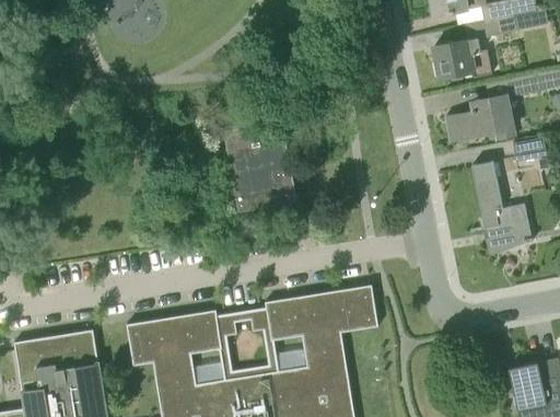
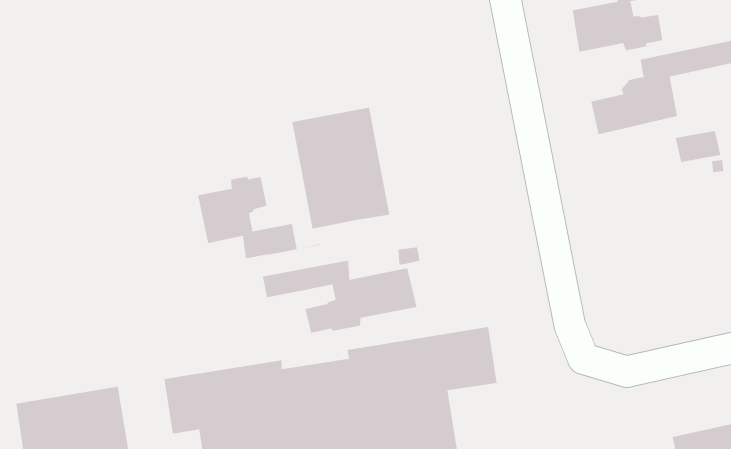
building: [470,162,532,247] -> none
building: none -> [198,176,320,259]
building: none -> [223,260,417,333]

